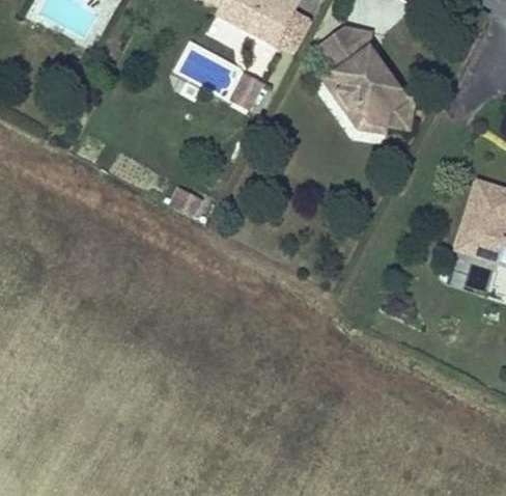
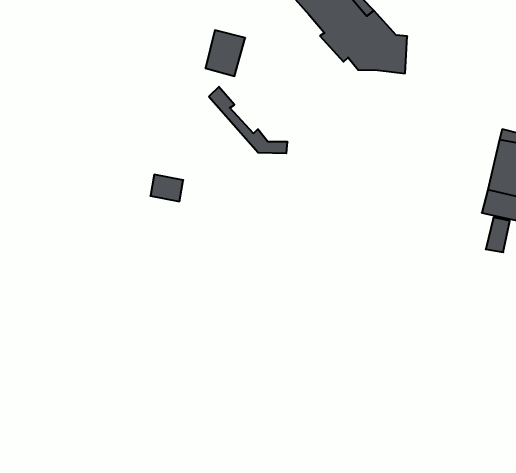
building: [319,68,382,131] -> [209,87,288,153]

